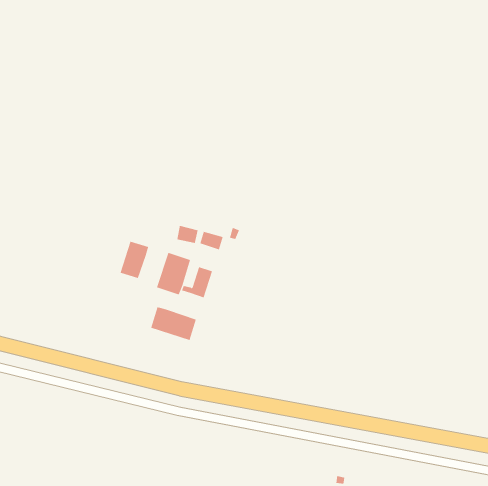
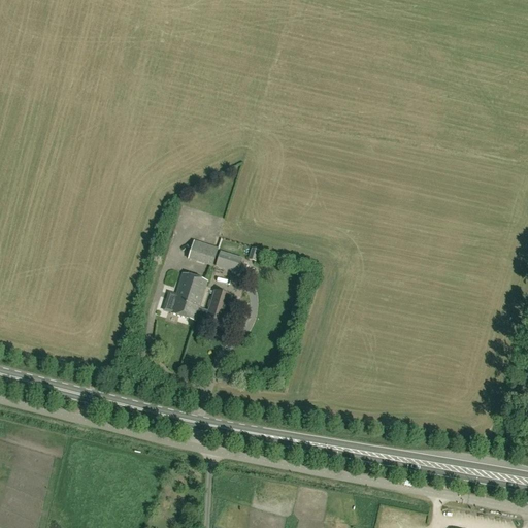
building: [120,241,149,279] -> none
building: [150,307,197,341] -> none

